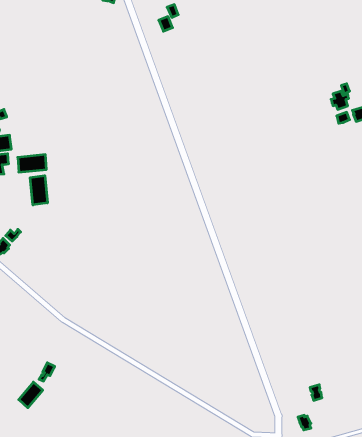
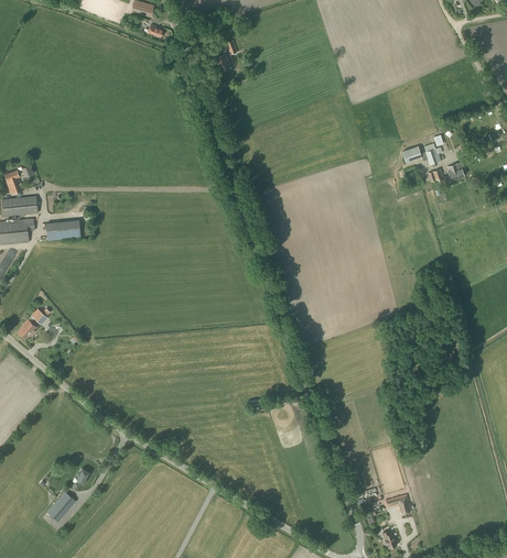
building: [30,176,47,205] -> none

